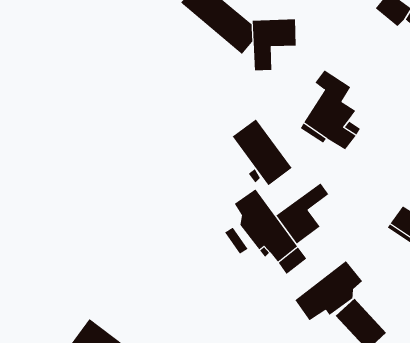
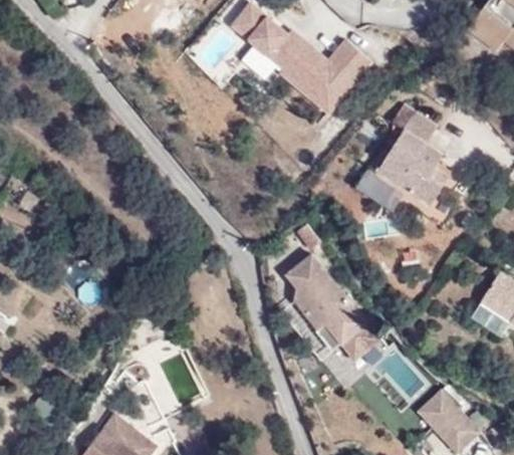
building: [232,119,293,186] -> none
building: [275,183,329,244] -> none
building: [294,260,363,321] -> none

